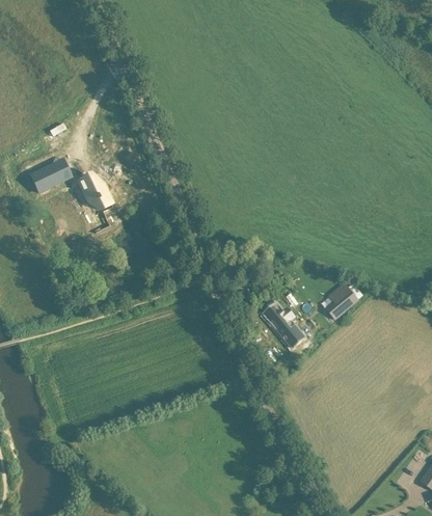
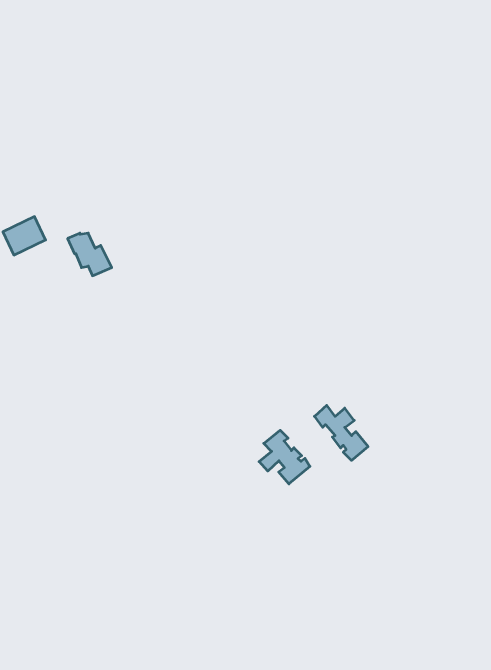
building: [325,288,357,319] -> none
building: none -> [259,430,310,484]

